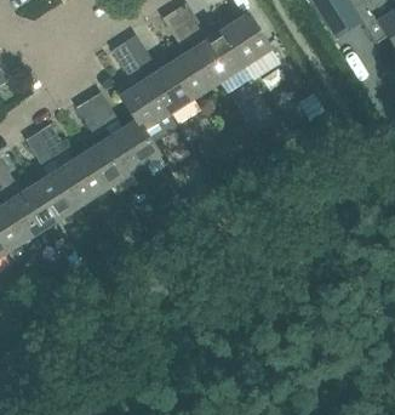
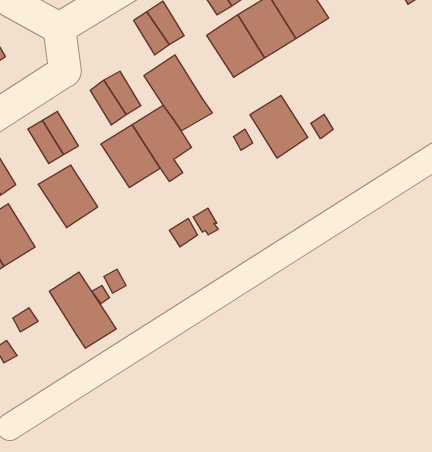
building: [145,63,193,114] -> [250,96,308,158]
building: [61,152,108,203] -> none
building: [10,184,64,246] -> [49,272,116,348]

